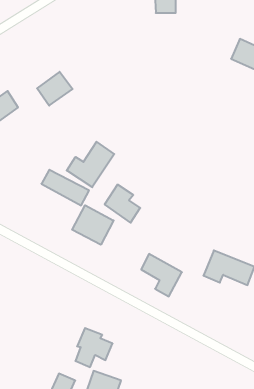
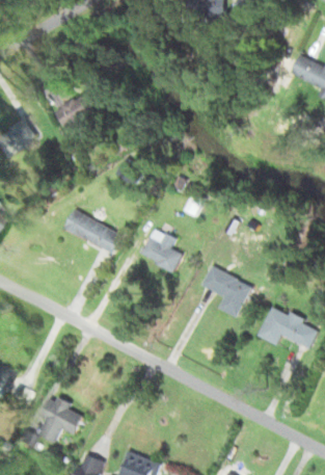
building: [67,142,114,187] -> none
building: [72,205,114,245] -> none
building: [141,254,182,296] -> [202,266,251,317]
building: [75,328,113,367] -> [37,396,82,443]

